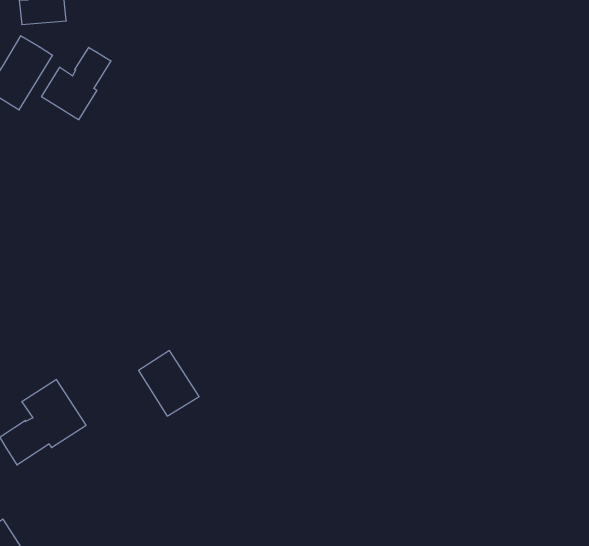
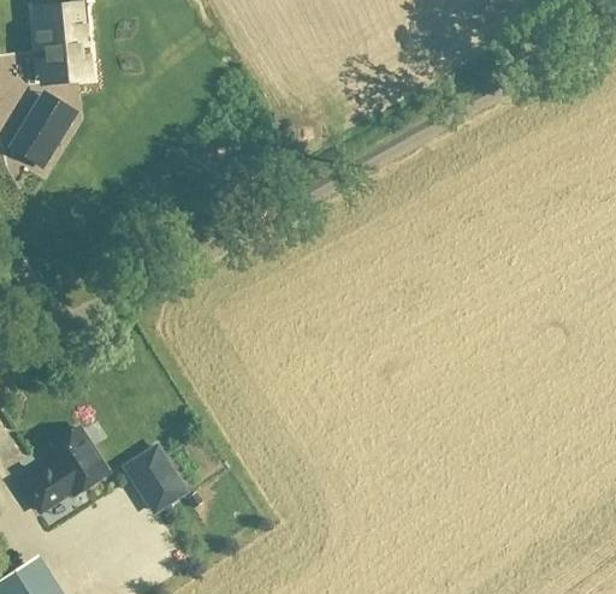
building: [42,47,111,120] -> none
building: [139,351,199,416] -> [128,446,186,510]

